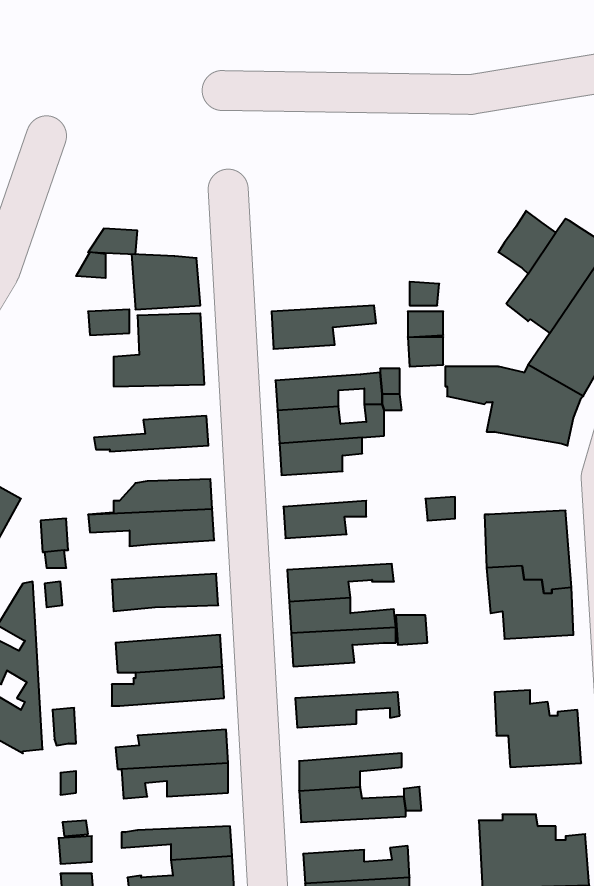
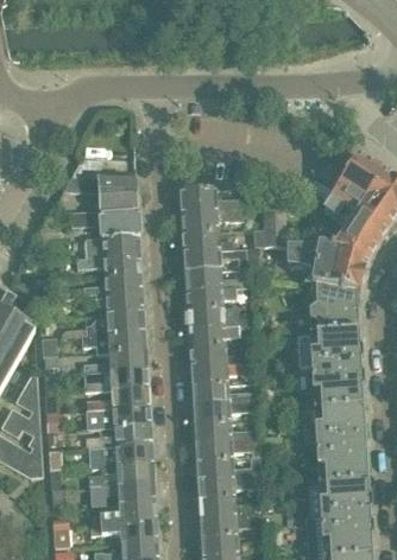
building: none -> [179,186,242,211]
building: none -> [182,231,234,253]
building: none -> [76,255,141,276]
building: none -> [309,284,358,333]
building: none -> [83,292,144,313]
building: none -> [187,306,251,329]
building: none -> [189,345,253,367]
building: none -> [83,349,147,373]
building: none -> [86,388,150,411]
building: none -> [314,406,365,454]
building: none -> [194,420,257,444]
building: none -> [89,444,153,466]
building: none -> [196,458,259,482]
building: none -> [307,483,370,529]
building: none -> [92,501,156,524]
building: none -> [198,515,261,537]

